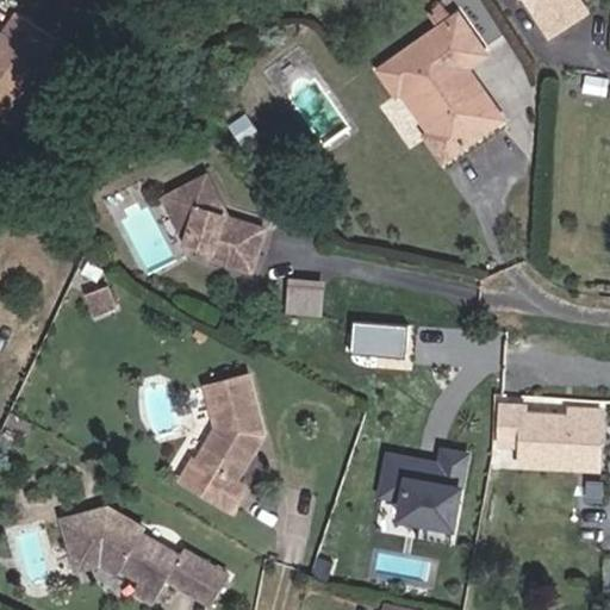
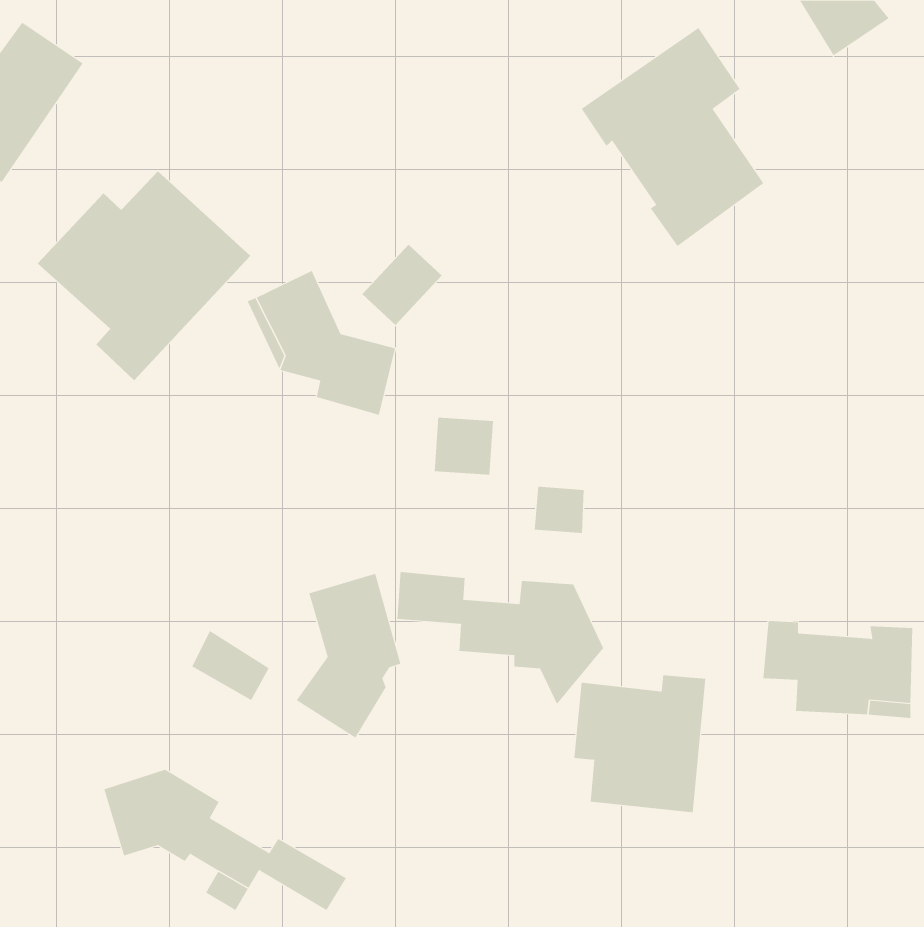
building: none -> [37,170,251,381]
building: none -> [362,244,443,326]
building: none -> [397,571,604,705]
building: [182,460,234,506] -> [191,630,270,701]

